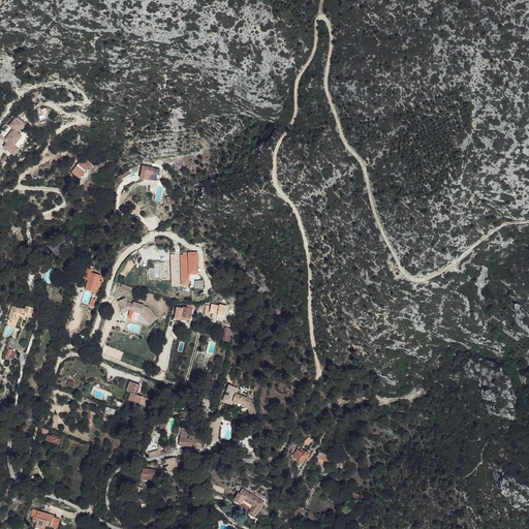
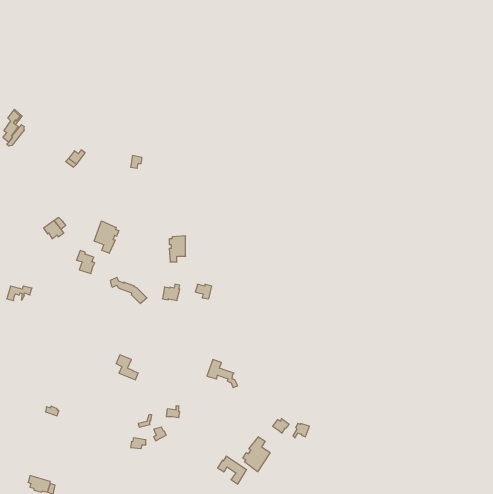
building: none -> [94,221,119,253]
building: none -> [243,437,270,472]

